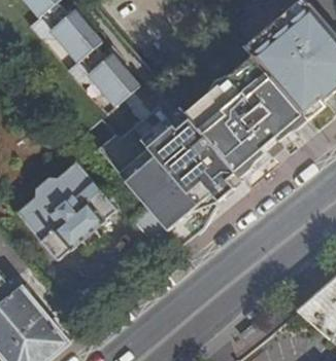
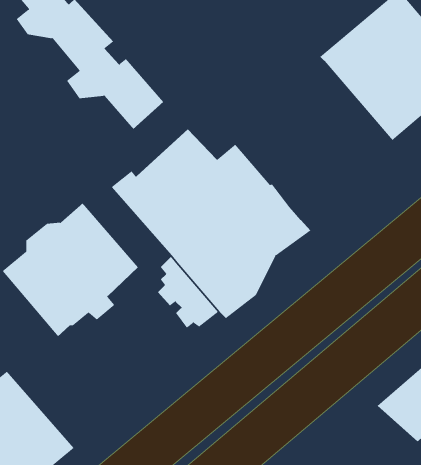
building: [189,58,306,174] -> none

